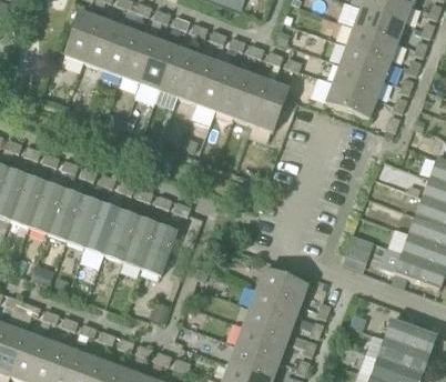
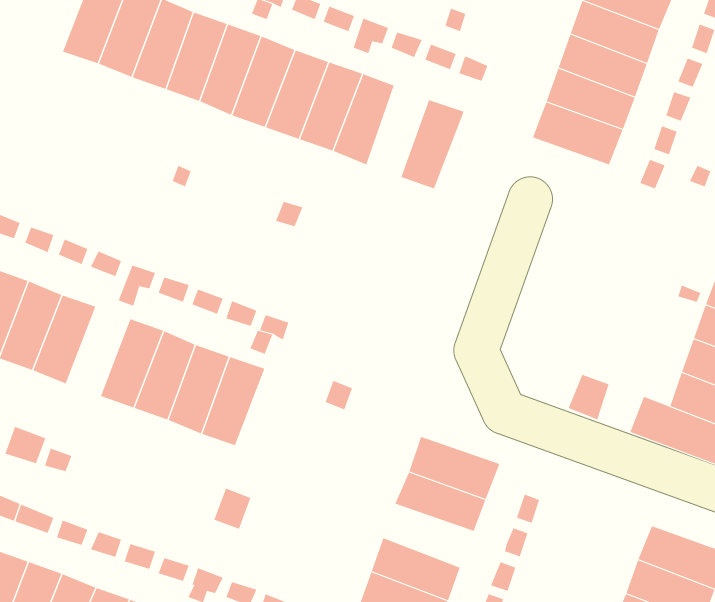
building: [234,73,268,124] -> none
building: [67,197,102,247] -> none
building: [243,306,294,342] -> none

